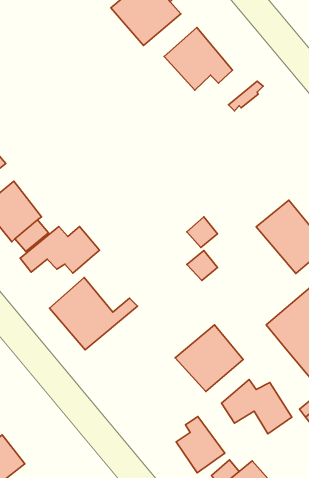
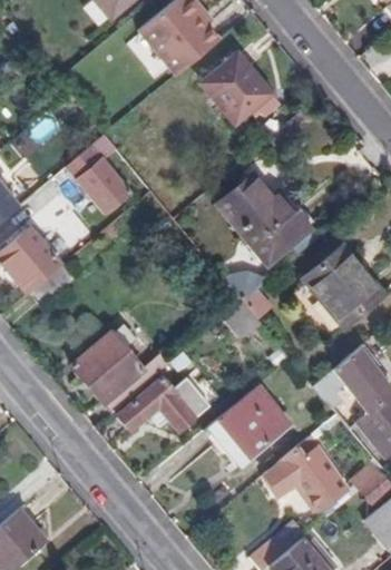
building: none -> [67,135,130,214]
building: none -> [221,165,328,262]
building: [20,227,99,273] -> [119,380,208,432]
building: [176,417,225,473] -> none

